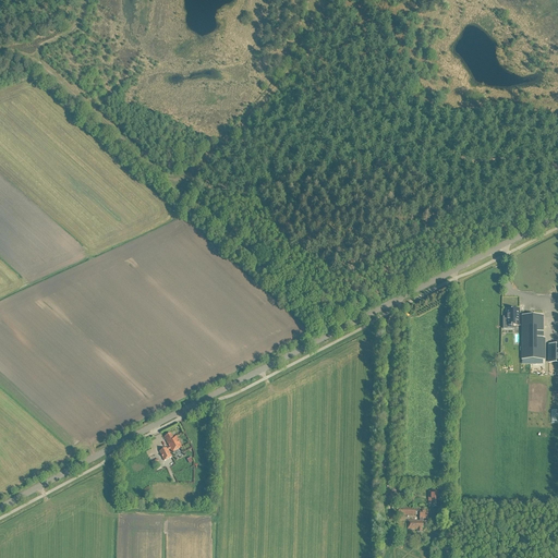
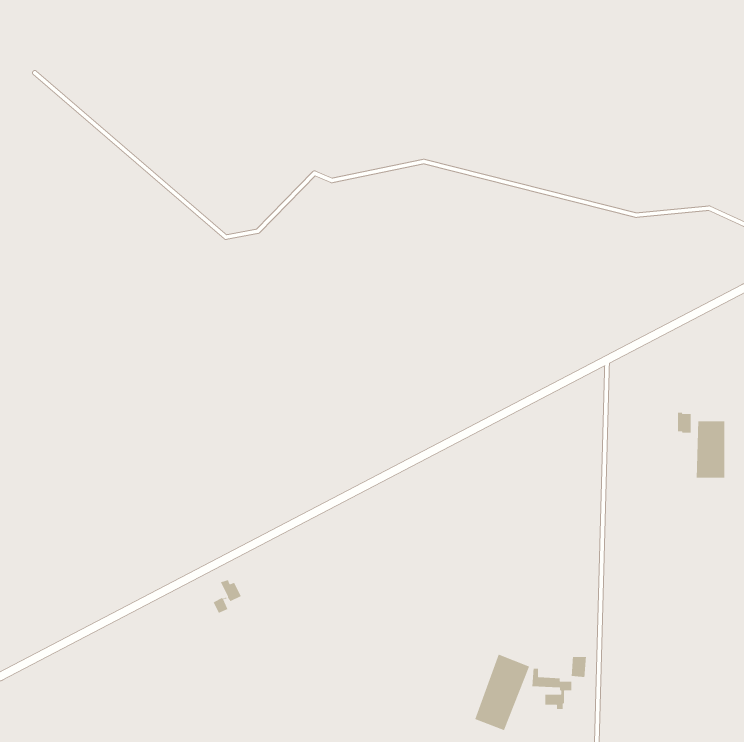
building: none -> [474,654,530,731]

